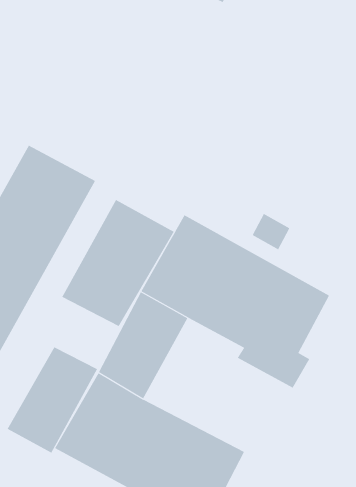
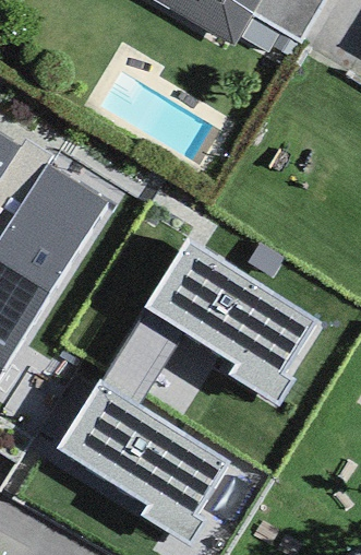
building: [62,199,175,327] -> none
building: [7,347,98,453] -> none

